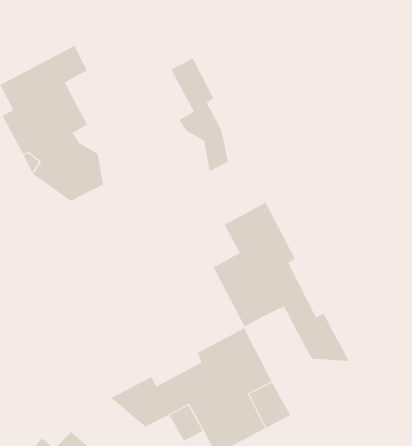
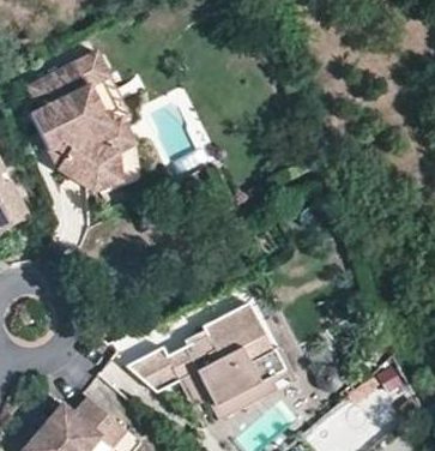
building: [170,57,229,171] -> [86,71,139,174]
building: [213,202,350,362] -> none

